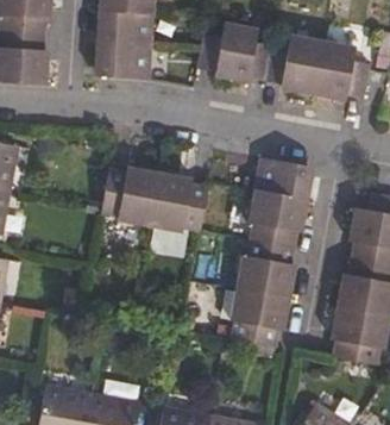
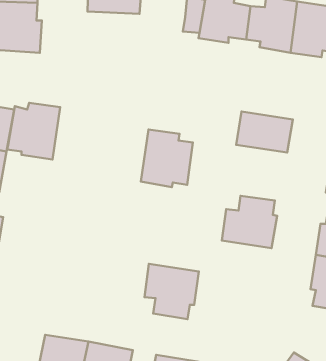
building: [93,44,151,80] -> none
building: [103,165,161,226] -> [7,103,60,159]
building: [250,187,309,246] -> none
building: [234,289,292,349] -> [144,264,199,319]

